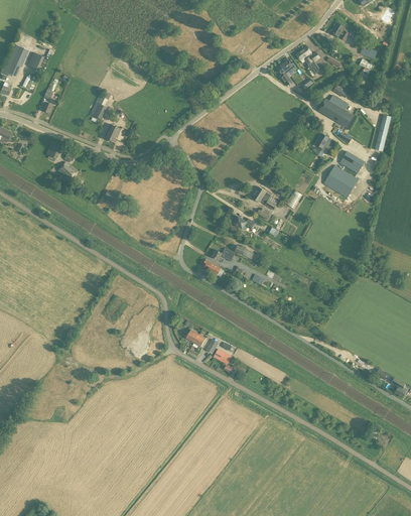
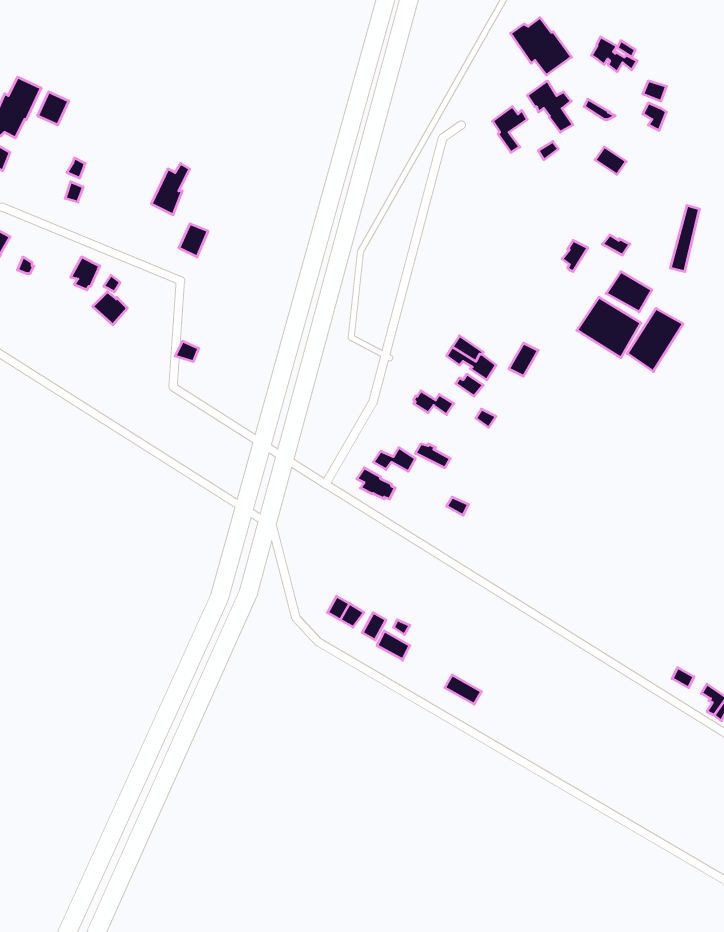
building: none -> [510,18,572,75]
building: [317,94,354,127] -> none
building: none -> [627,308,683,372]

